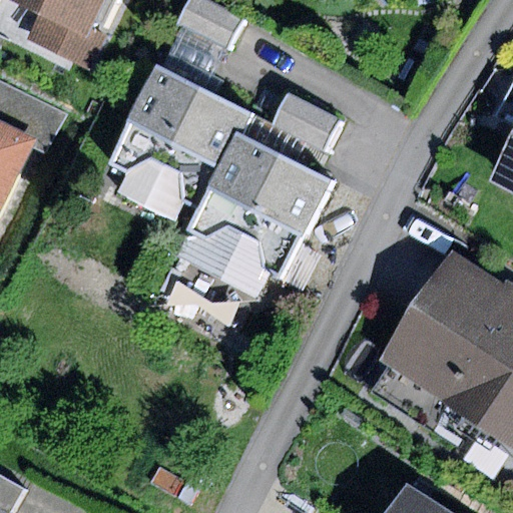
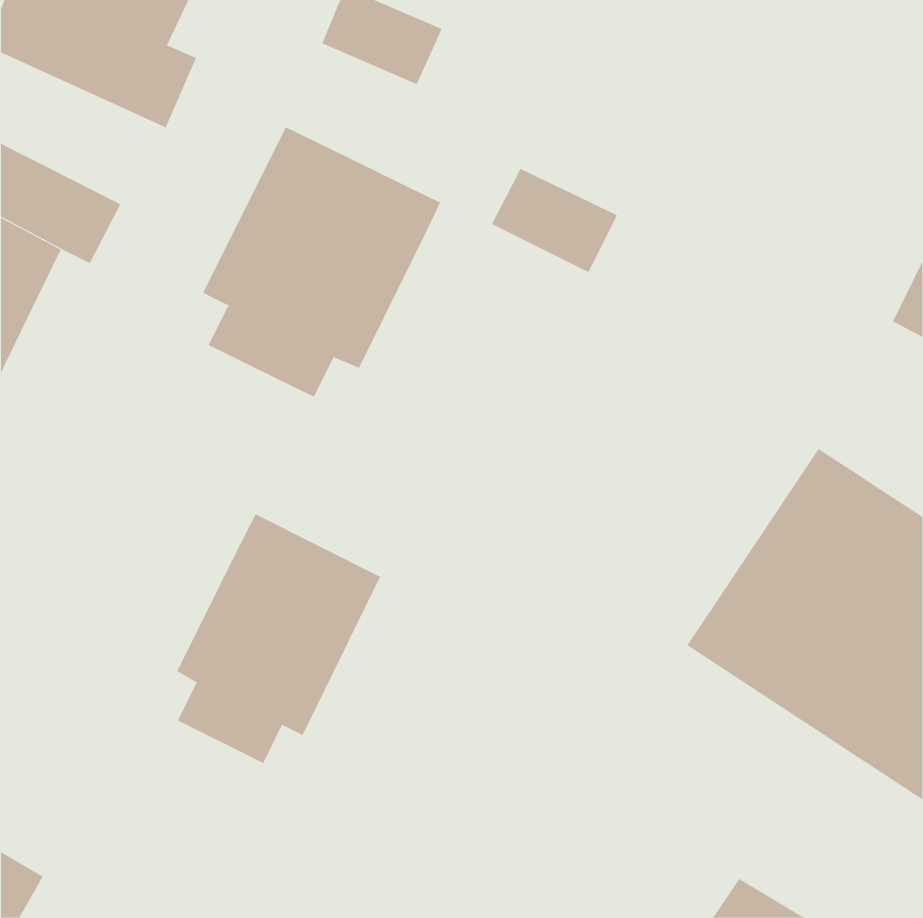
building: [175,131,331,294] -> none
building: none -> [177,513,381,764]

